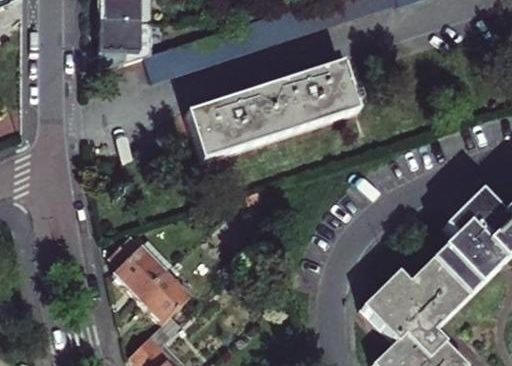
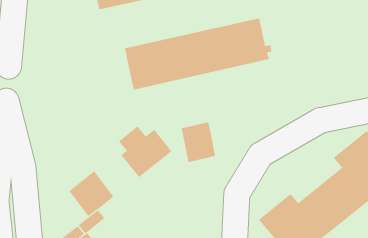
building: none -> [181,122,216,163]
building: [110,233,174,294] -> [118,125,172,178]

